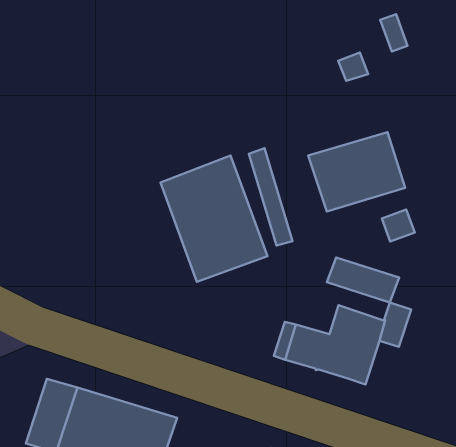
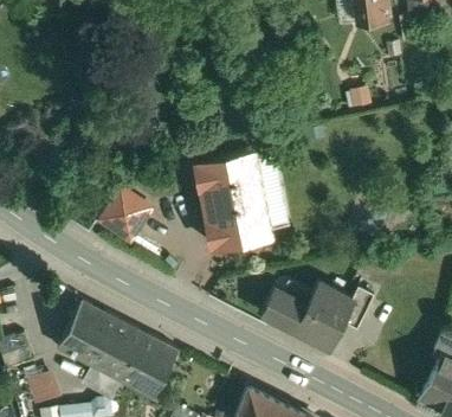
building: [308,132,405,211] -> none
building: none -> [97,190,150,242]
building: [327,257,399,303] -> none

